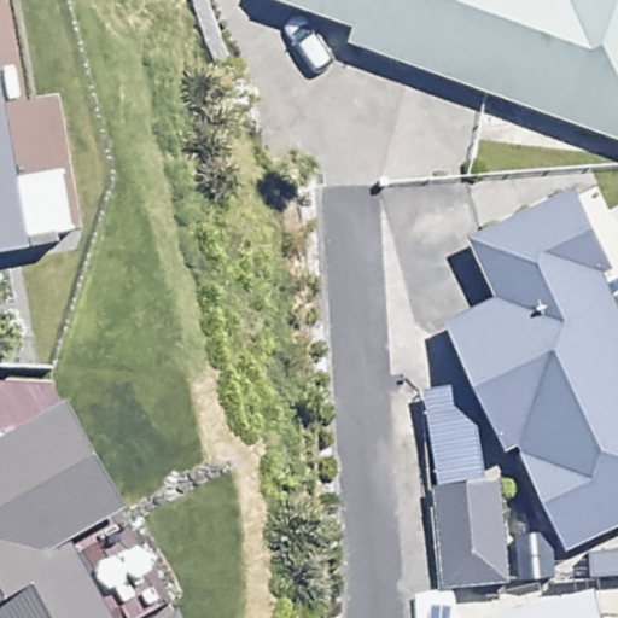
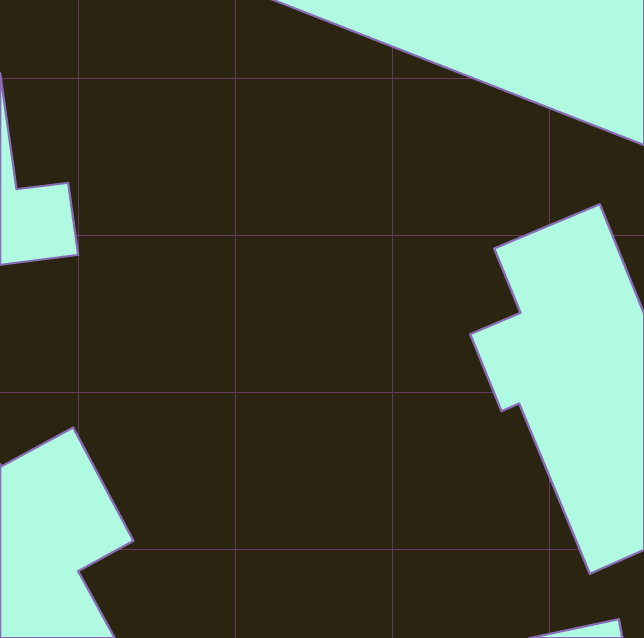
building: [427,391,511,583] -> none

